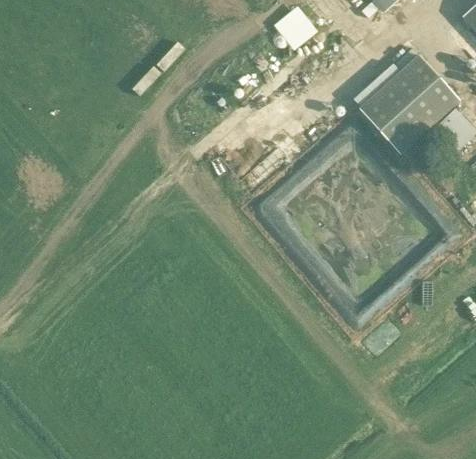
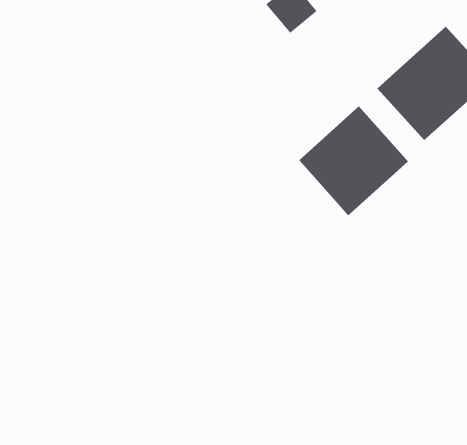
building: none -> [298,106,409,216]

